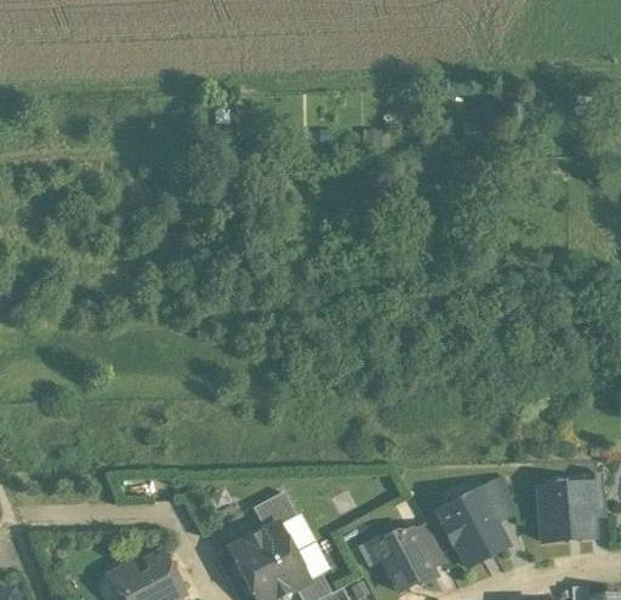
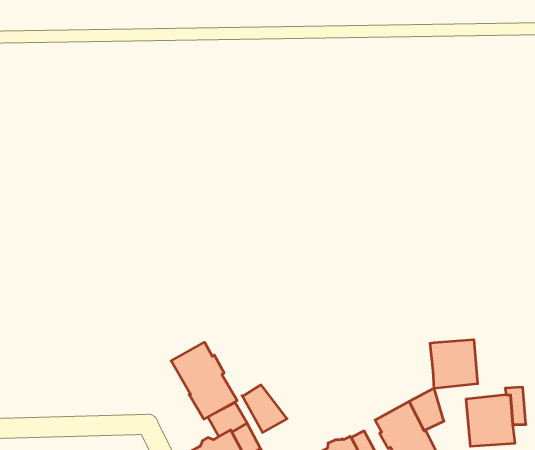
building: none -> [430,340,478,388]
building: none -> [171,342,237,419]
building: none -> [242,385,287,432]

